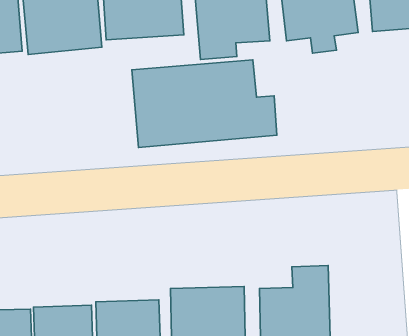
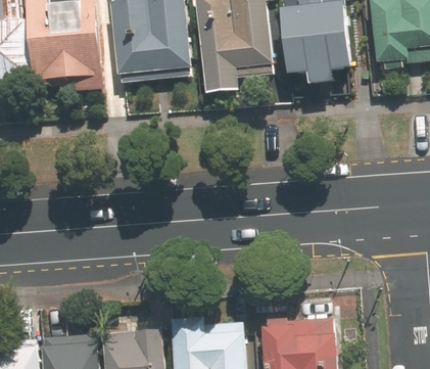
building: [132,60,277,148] -> none

